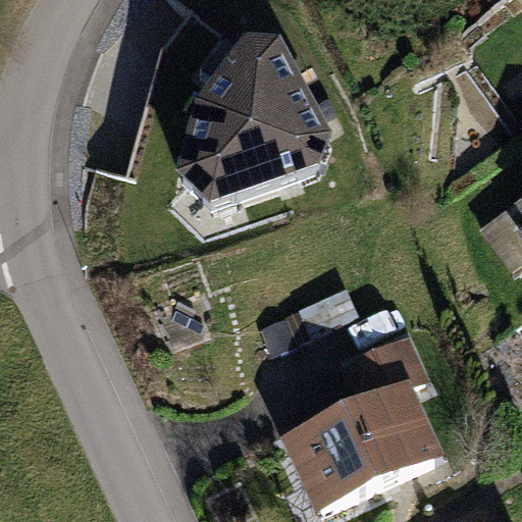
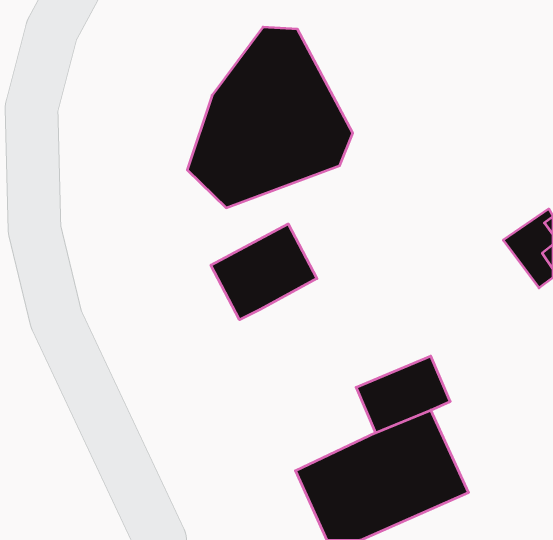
building: none -> [211,224,317,320]

